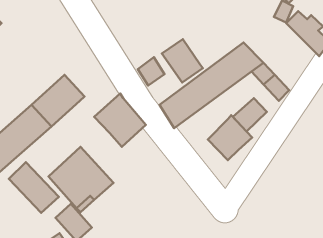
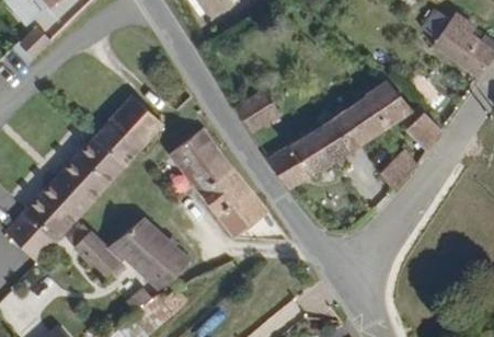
building: [162,39,203,82] -> none
building: [208,115,252,160] -> none
building: none -> [211,177,278,241]

